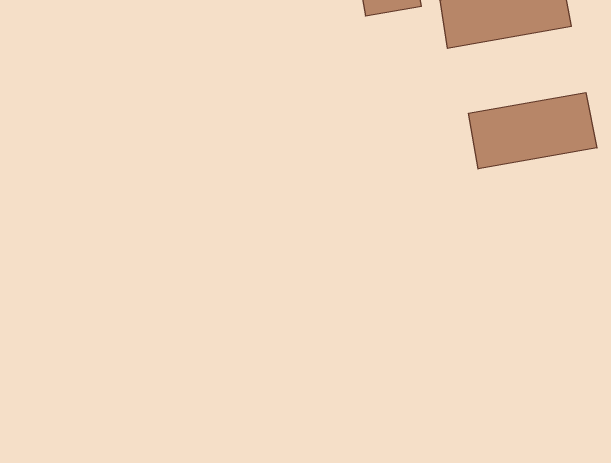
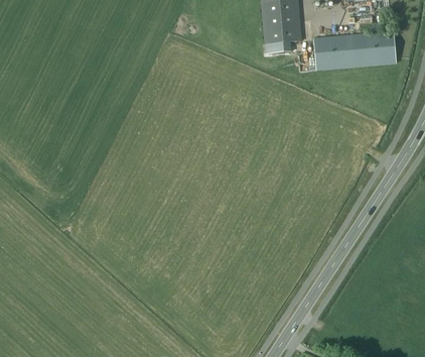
building: [469,93,597,169] -> none

